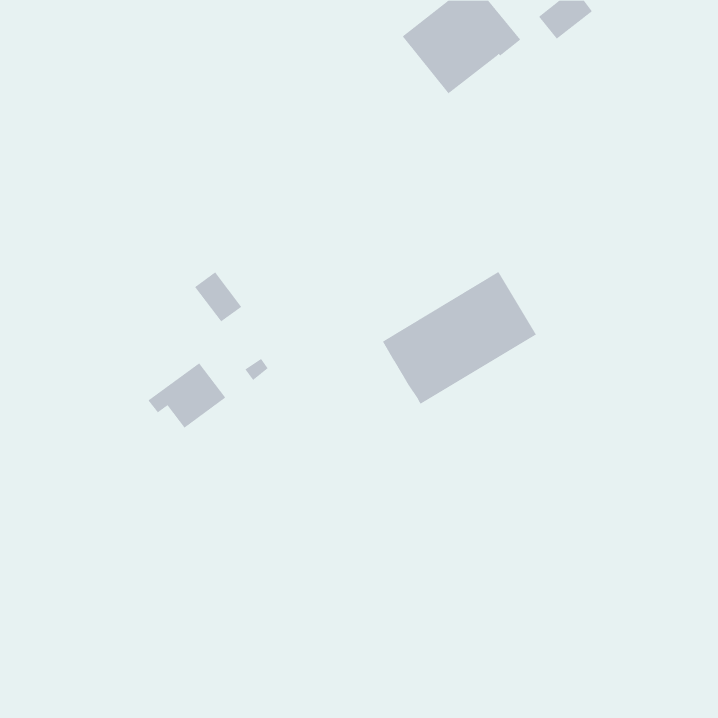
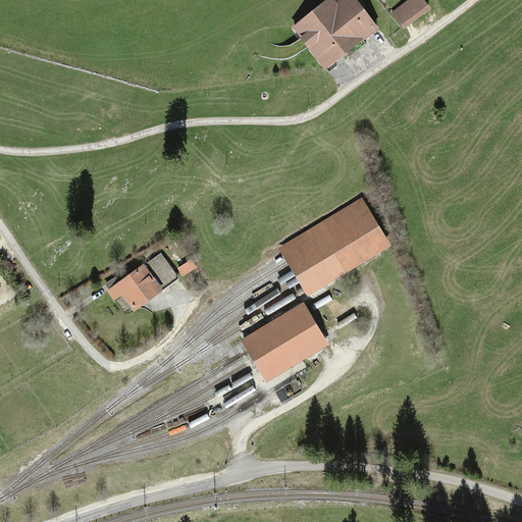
building: [194,272,242,322] -> [145,252,179,289]
building: none -> [241,304,325,379]

